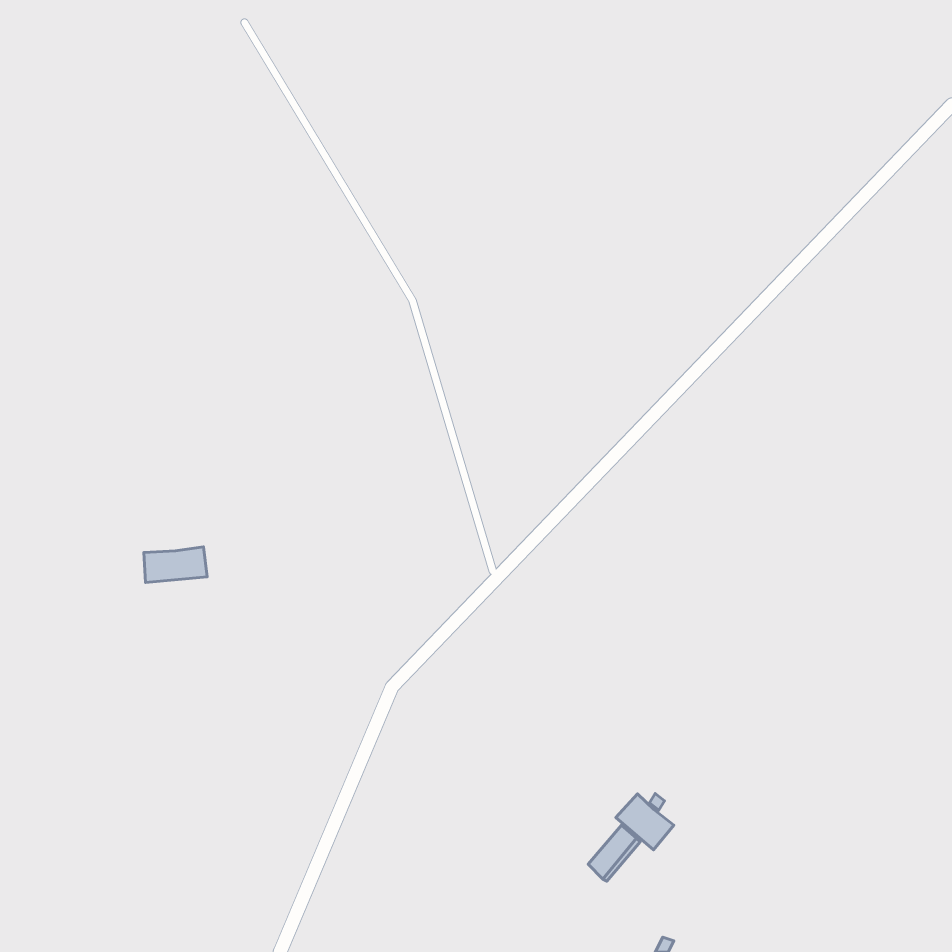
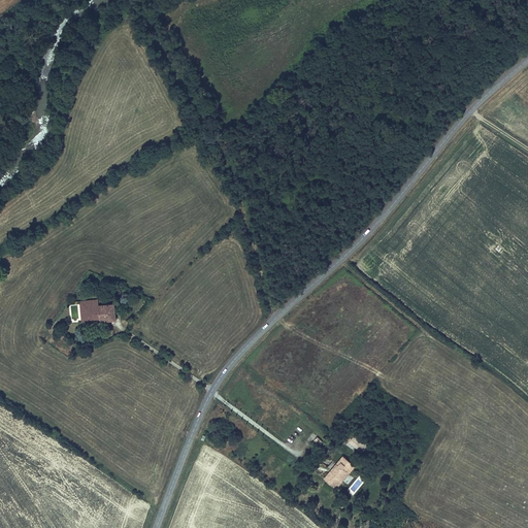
building: [616,794,674,850] -> none

